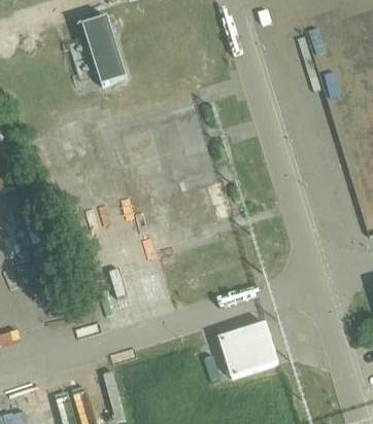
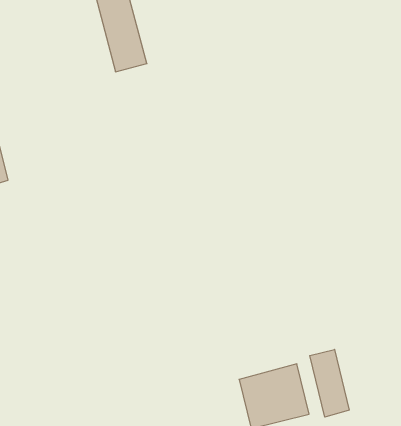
building: none -> [310,349,349,417]

